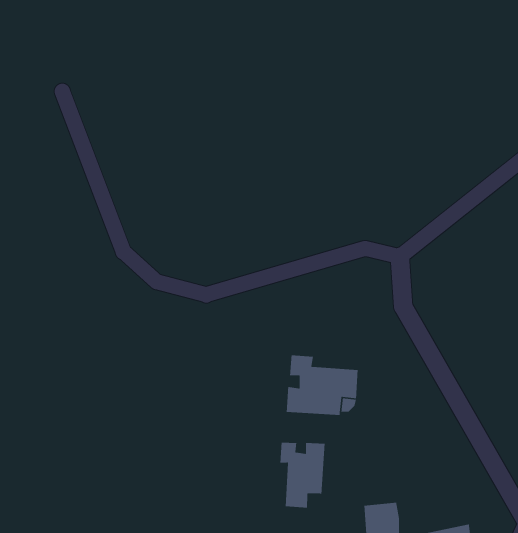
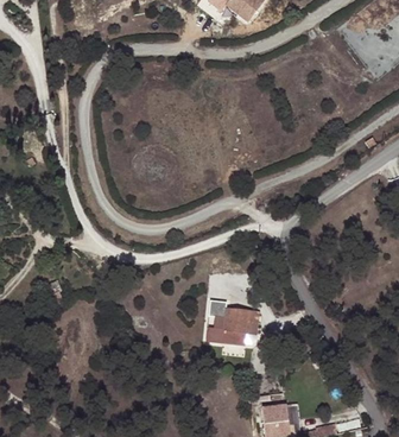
building: [280,442,325,508] -> none

